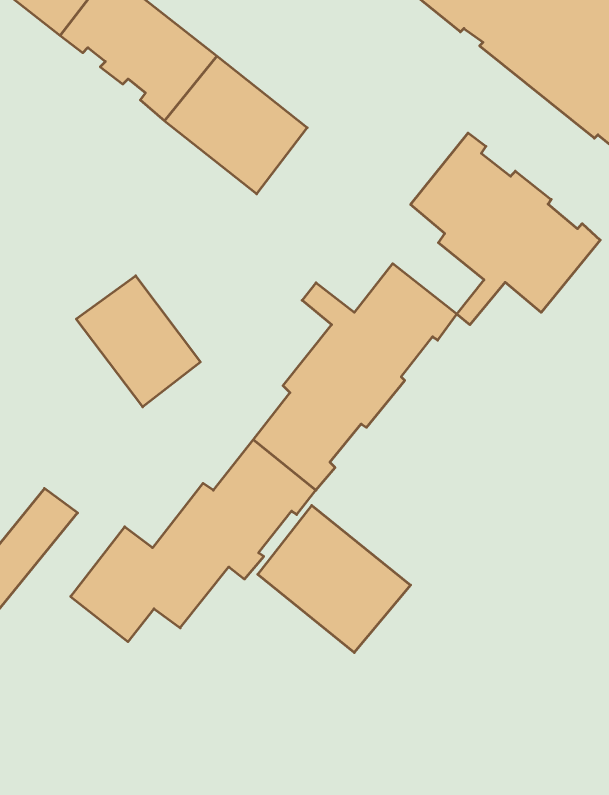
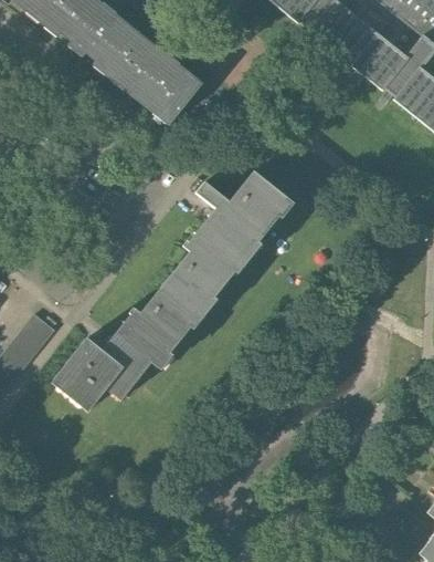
building: [411,133,600,325] -> none
building: [76,276,200,407] -> none
building: [258,505,411,653] -> none

